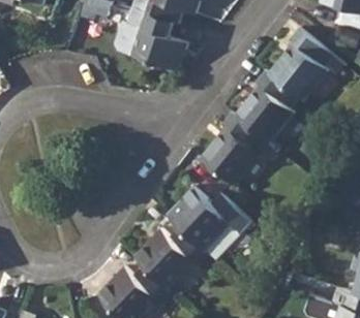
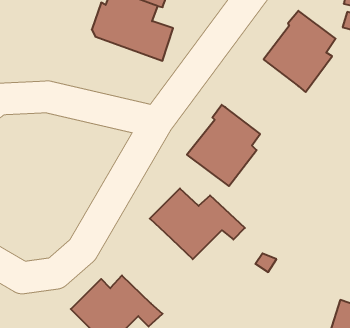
building: [234,70,299,141] -> none
building: [133,225,215,288] -> none

